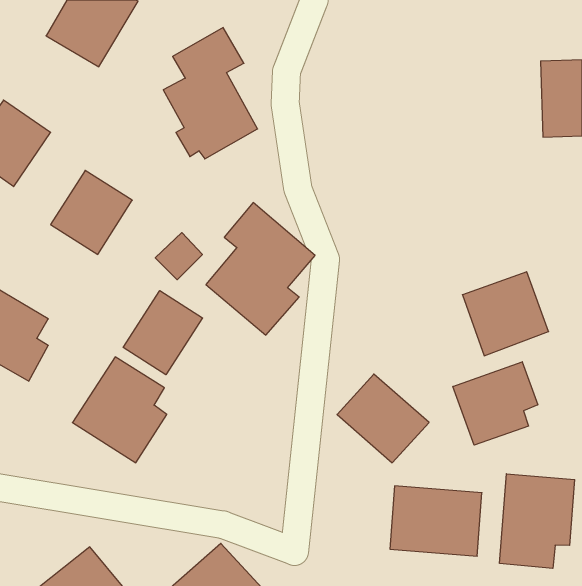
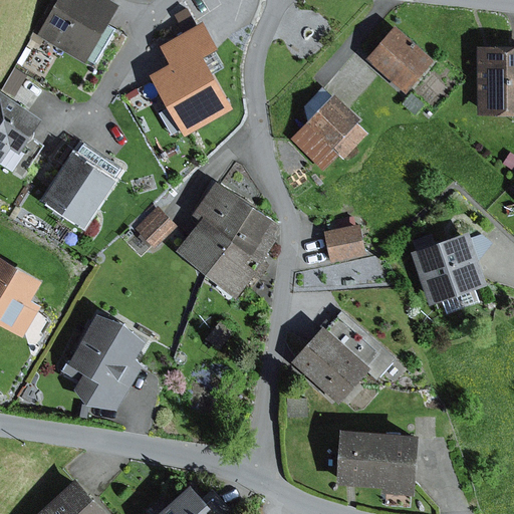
building: none -> [359,31,430,100]
building: none -> [283,100,355,173]
building: none -> [316,224,358,264]
building: [123,291,203,375] -> none
building: [453,362,538,445] -> none
building: [500,474,575,568] -> none

